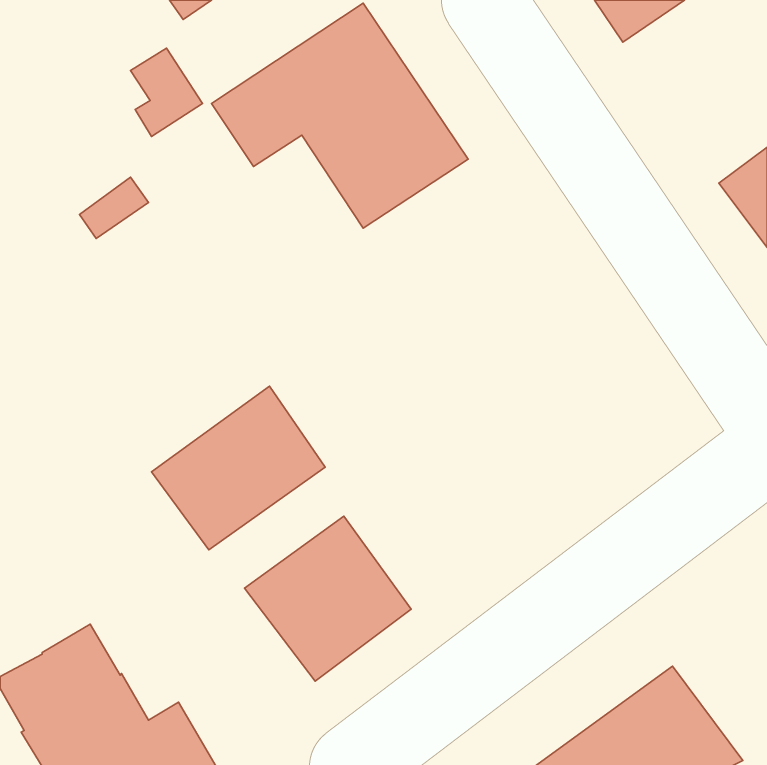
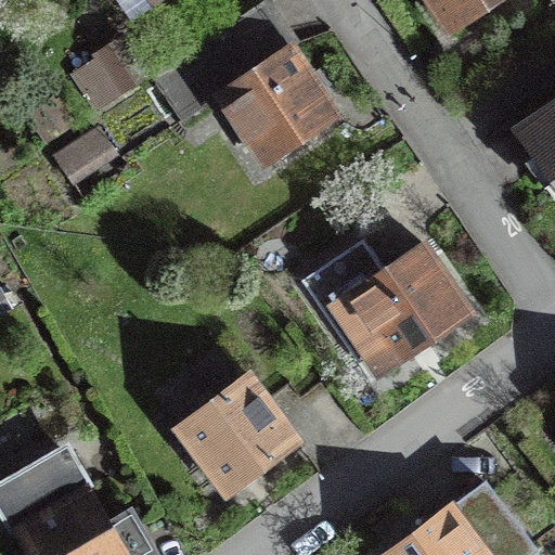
building: none -> [302,241,468,379]
building: [152,386,325,550] -> none

